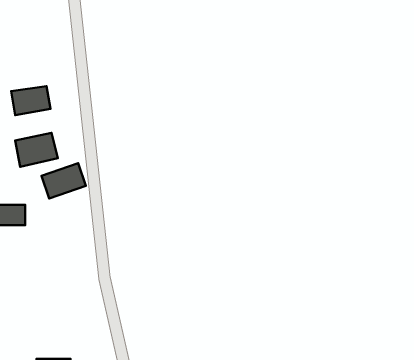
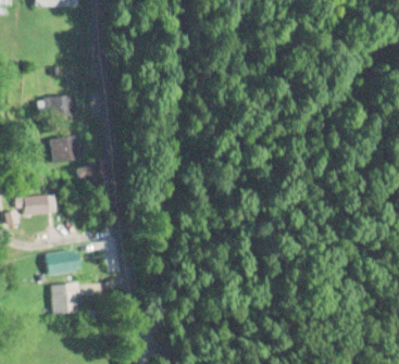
building: none -> [48,251,80,274]
building: none -> [53,283,84,314]

